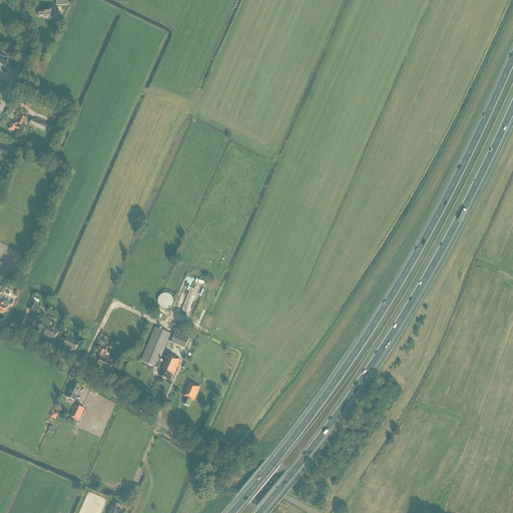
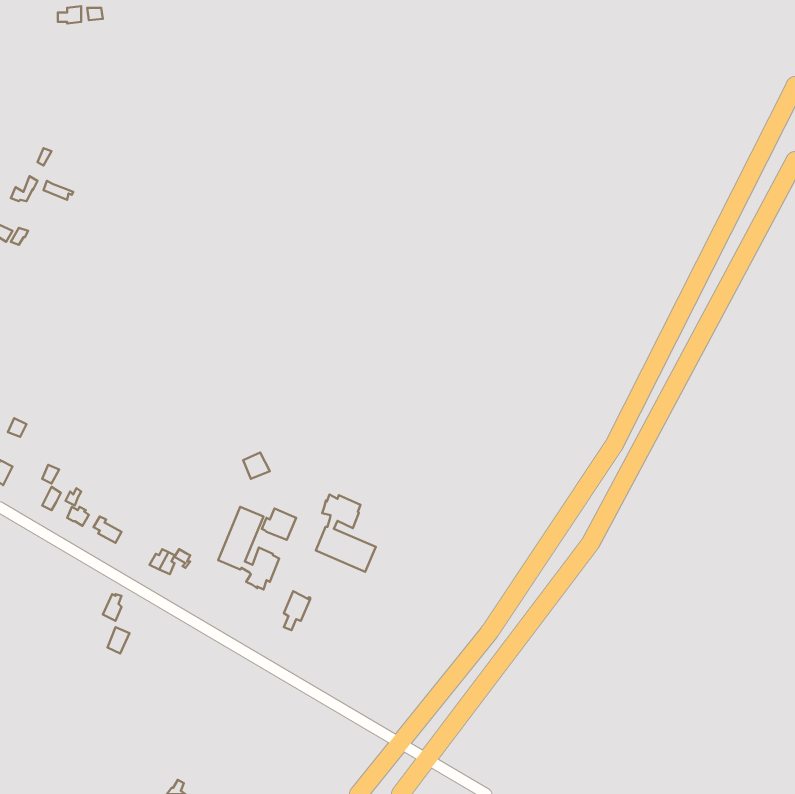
building: none -> [316,494,376,572]

